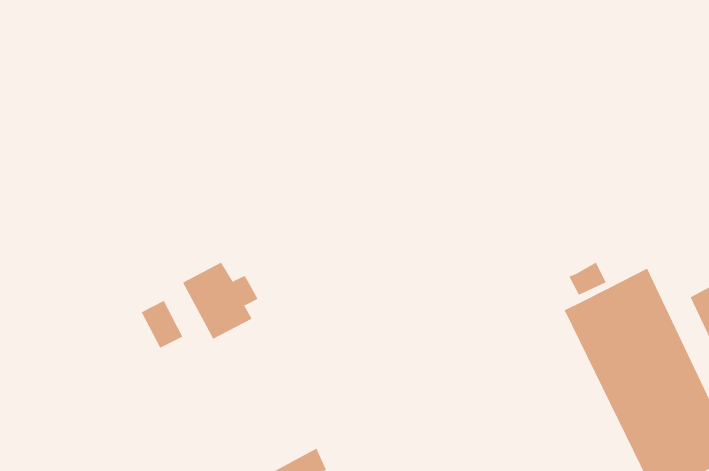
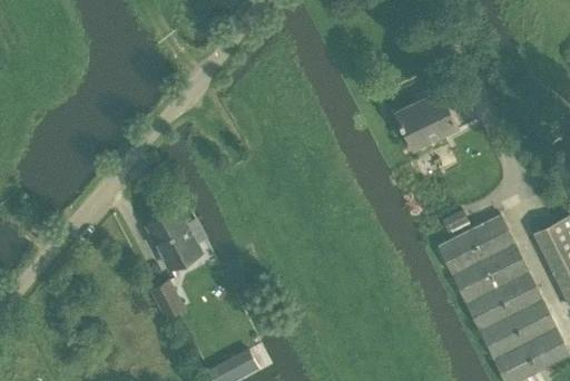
building: none -> [395,91,459,152]
building: [141,300,183,349] -> [151,281,184,318]

